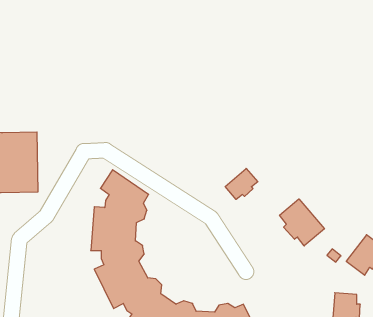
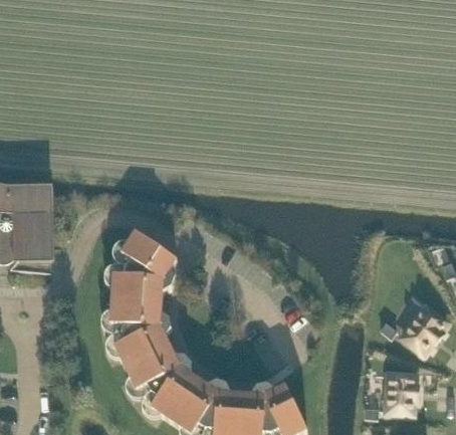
building: [225,168,258,199] -> none
building: [280,199,324,246] -> none

